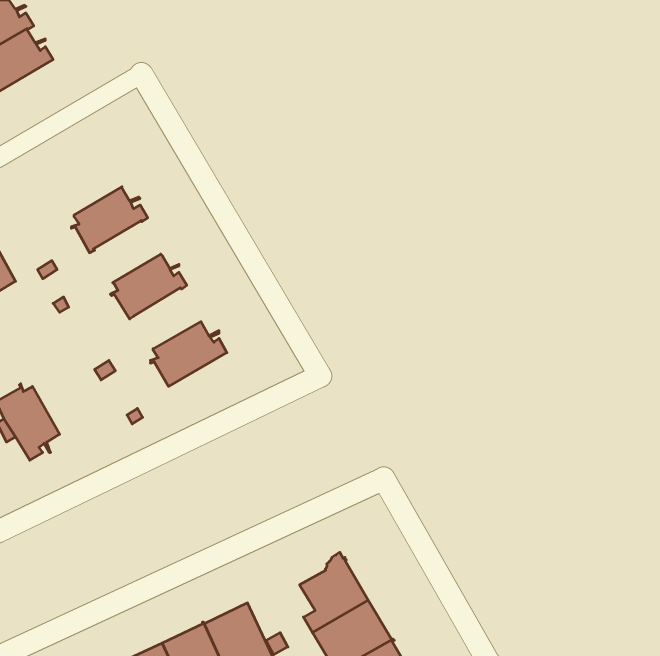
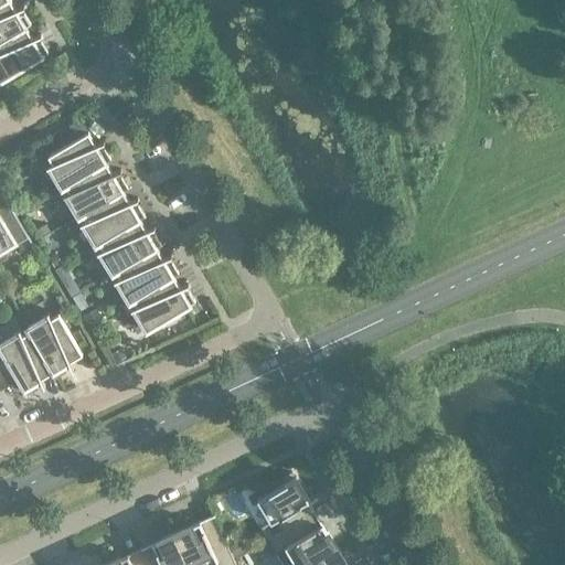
building: none -> [43,136,108,192]
building: none -> [77,193,142,249]
building: none -> [111,250,177,306]
building: none -> [24,316,81,381]

